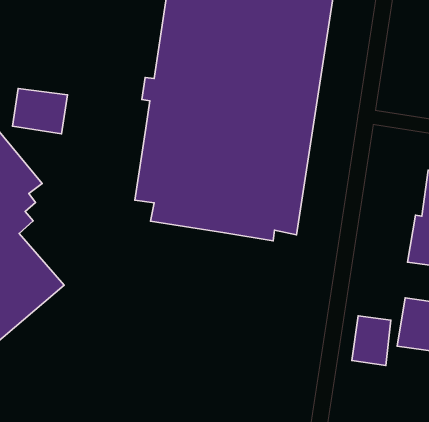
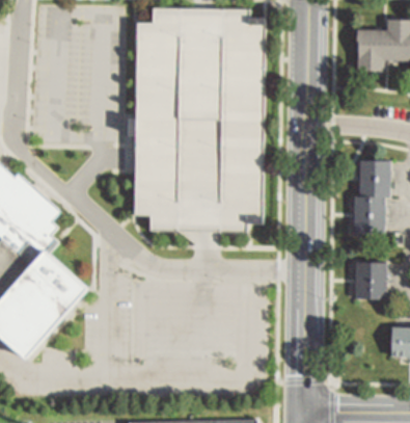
building: [12,89,68,134] -> none
building: [352,316,391,365] -> none

